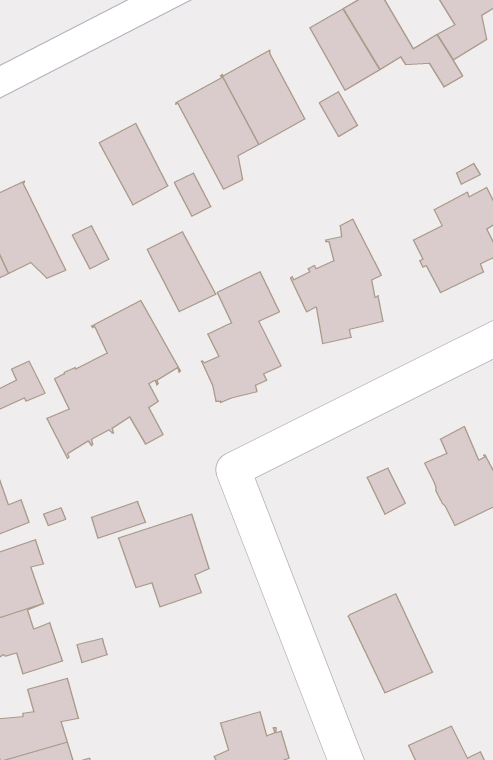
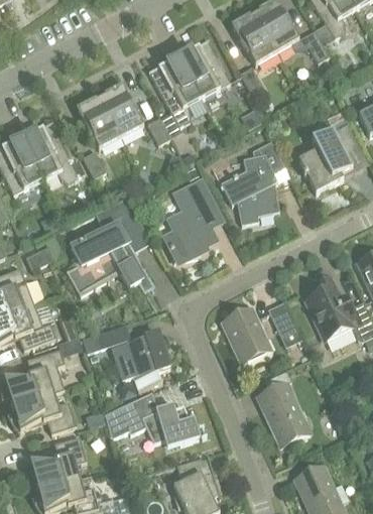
building: [147,232,216,312] -> [78,97,121,147]
building: none -> [223,307,270,362]
building: none -> [105,394,200,447]

